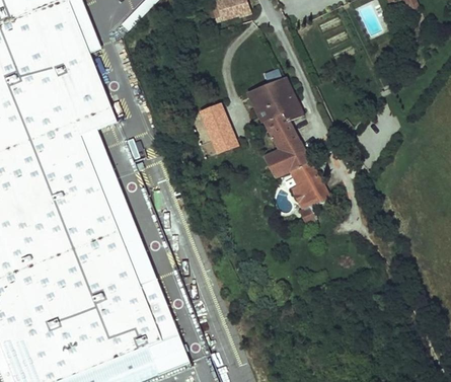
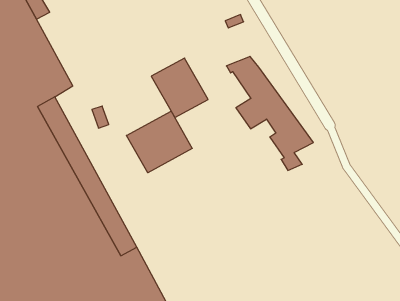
building: [249,78,304,122] -> none
building: none -> [126,111,192,173]

